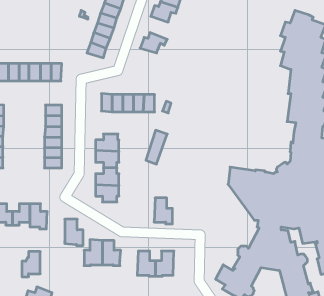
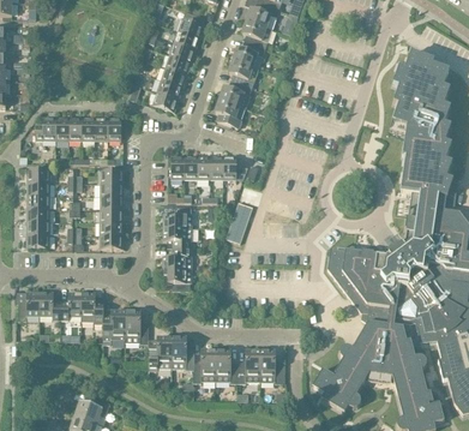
building: none -> [228,59,258,88]
building: none -> [215,98,245,127]
building: [154,198,172,224] -> [259,351,282,383]
building: none -> [193,349,216,382]
building: [22,252,40,277] -> [102,311,125,342]

